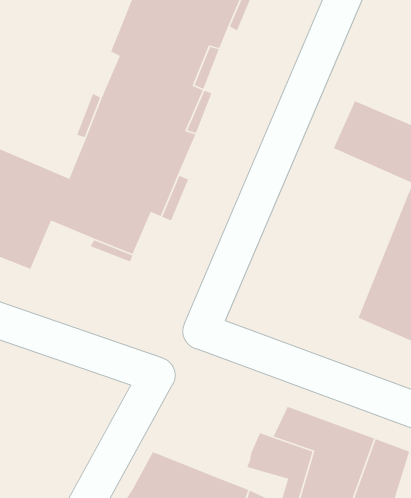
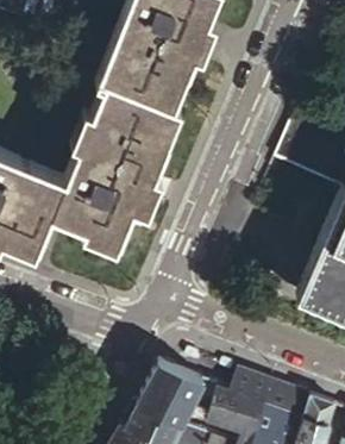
building: none -> [138,359,209,425]

